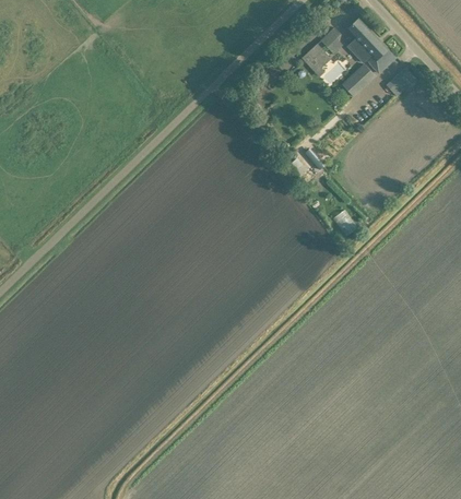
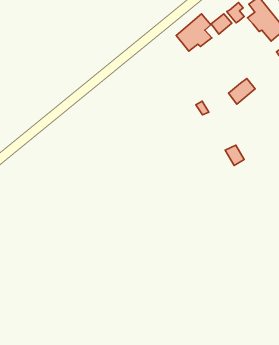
building: none -> [176,14,212,51]
building: [341,64,375,98] -> [228,79,255,104]

